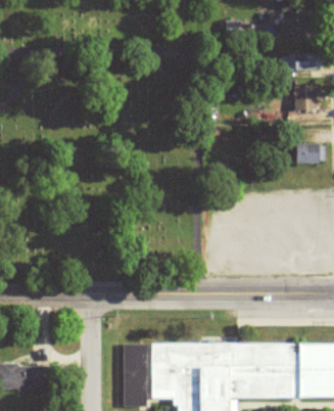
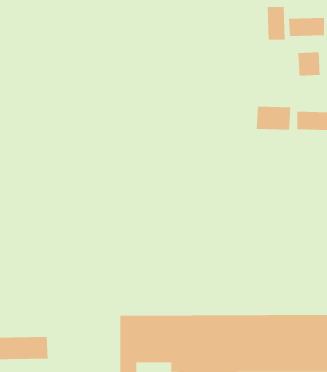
building: none -> [267,6,286,40]
building: none -> [256,106,291,131]

